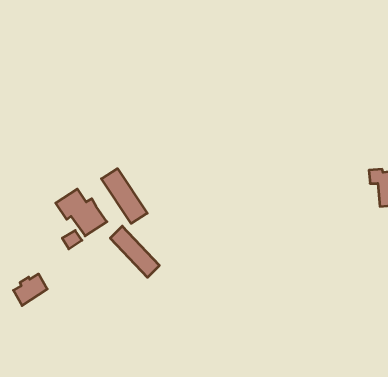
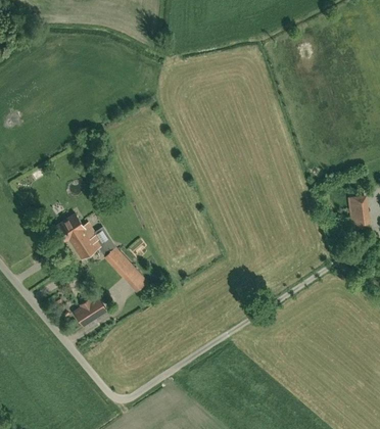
building: [101,169,147,223] -> none
building: [13,274,47,306] -> [75,296,106,326]

